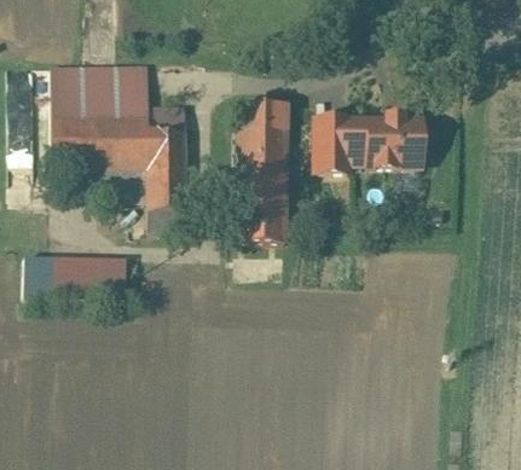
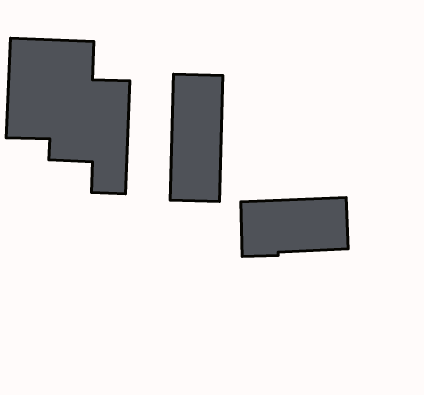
building: [314,108,433,173] -> [241,197,348,257]
building: [50,257,125,296] -> none

